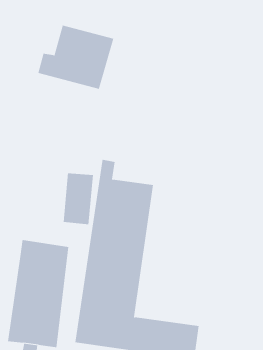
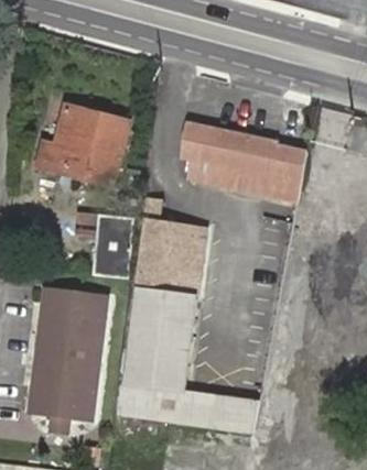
building: [37,25,114,90] -> [37,103,130,182]
building: none -> [180,120,306,200]

